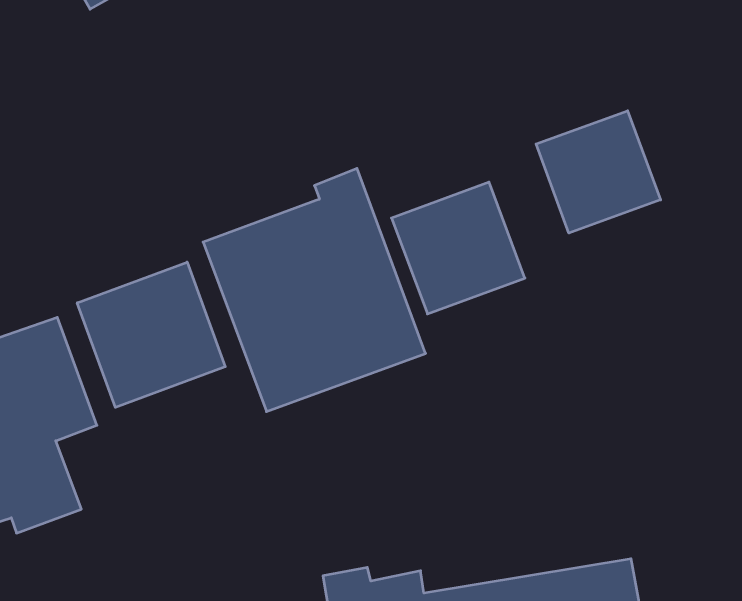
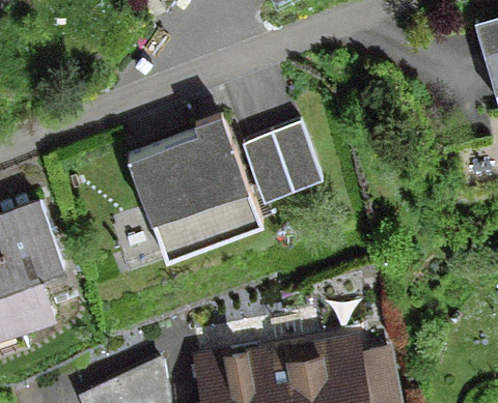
building: [536,111,661,233] -> none
building: [77,262,225,407] -> none

